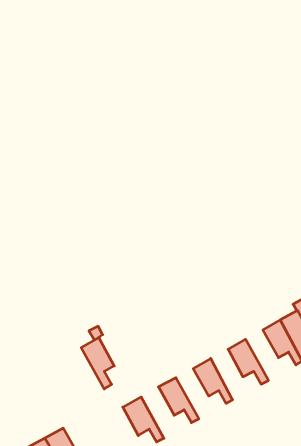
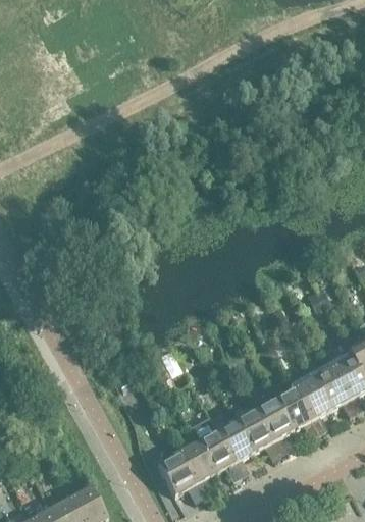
building: none -> [294,377,330,433]
building: [81,338,114,389] -> [177,440,214,498]
building: none -> [255,399,291,455]
building: none -> [216,420,253,476]

